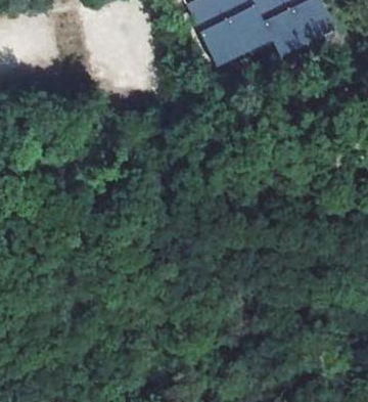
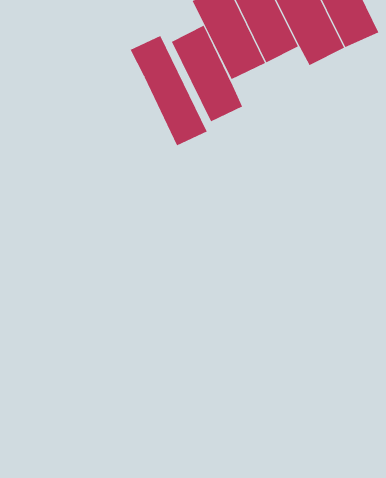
building: none -> [171,25,243,122]
building: none -> [130,35,207,146]

